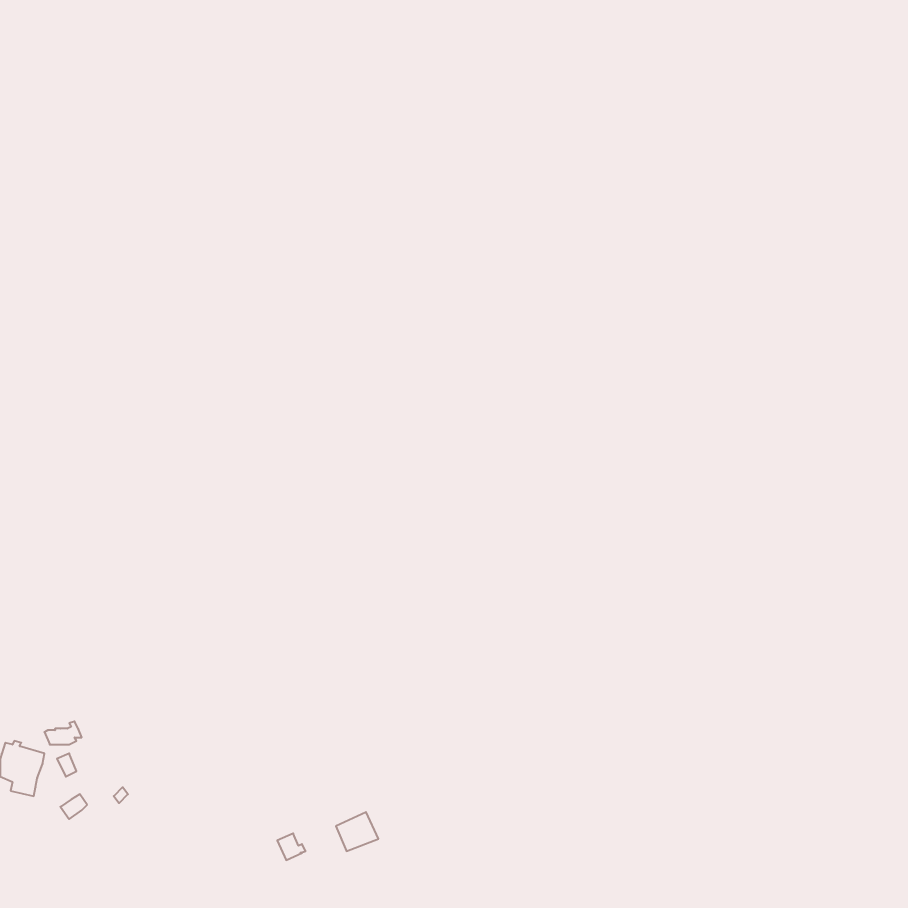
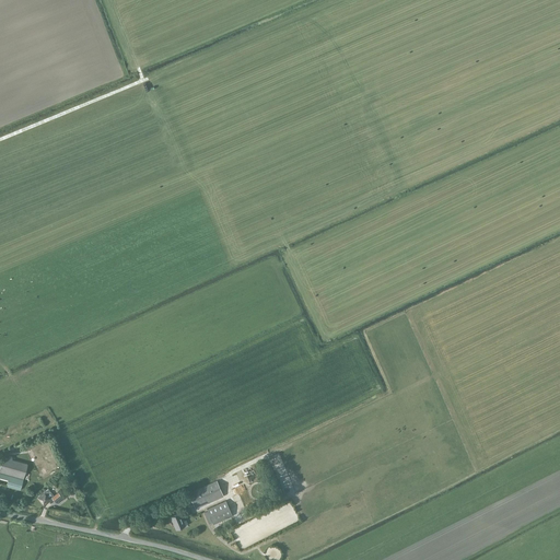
building: none -> [188,480,224,509]

